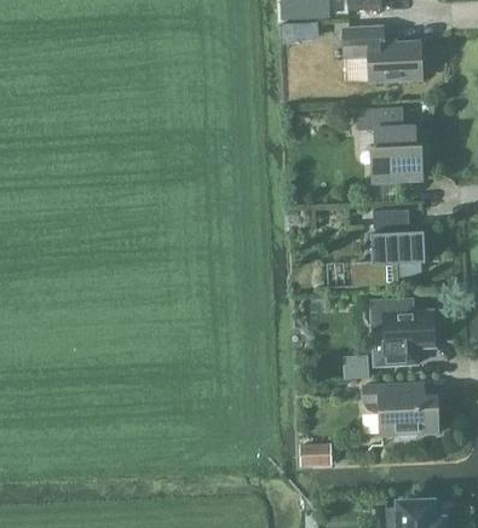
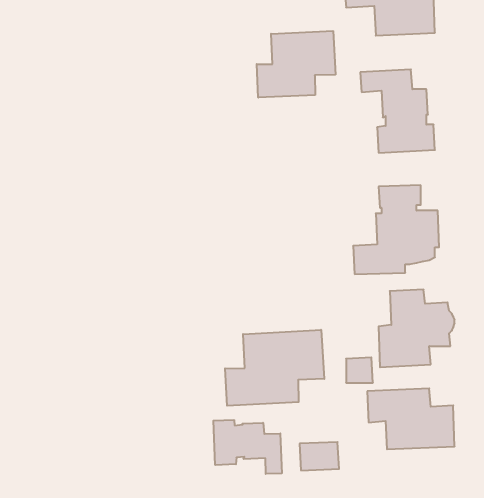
building: none -> [257,31,335,98]
building: none -> [225,330,324,406]
building: none -> [213,420,282,474]

